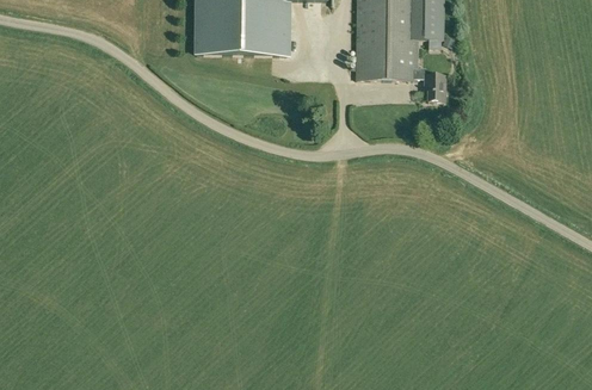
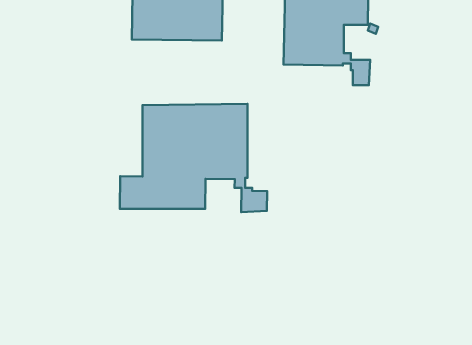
building: none -> [120,104,267,212]

